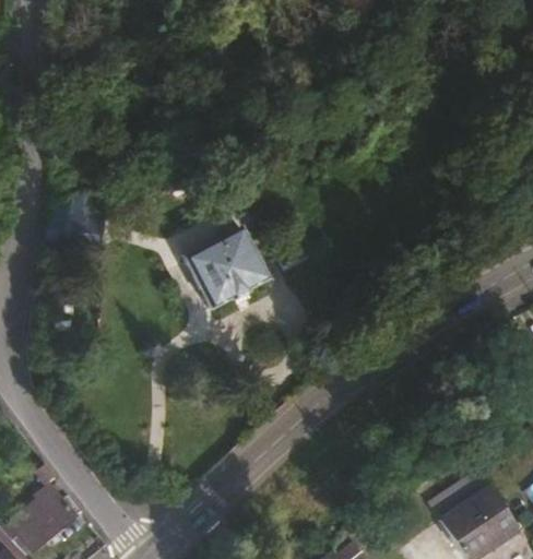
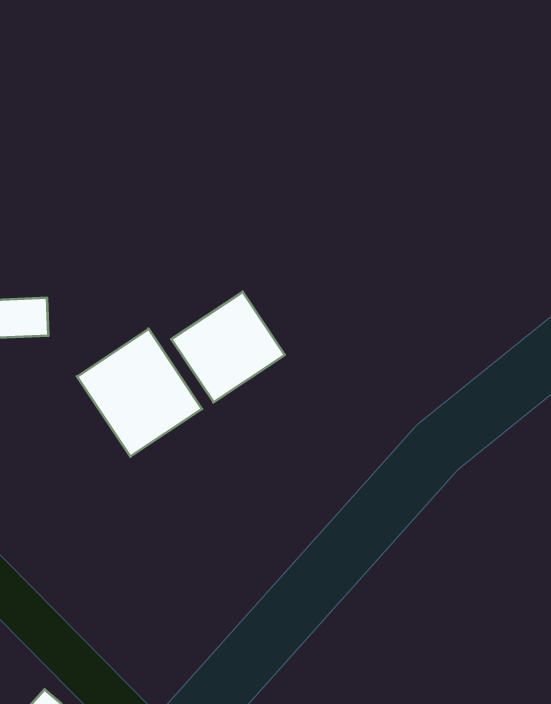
building: none -> [77,329,202,457]

